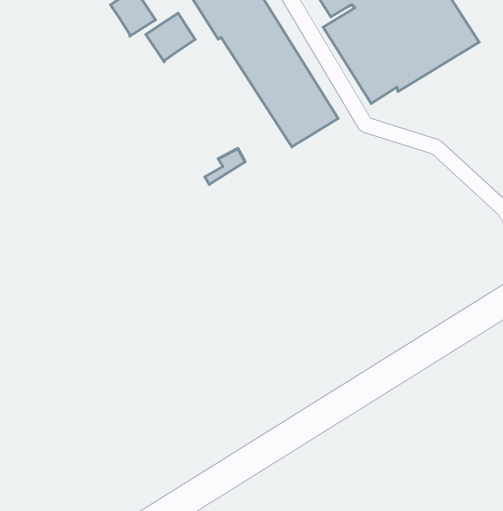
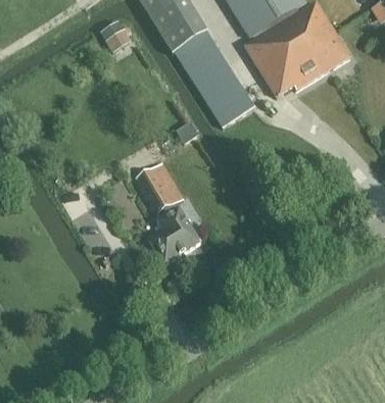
building: [146,13,195,62] -> none
building: none -> [136,160,200,263]

